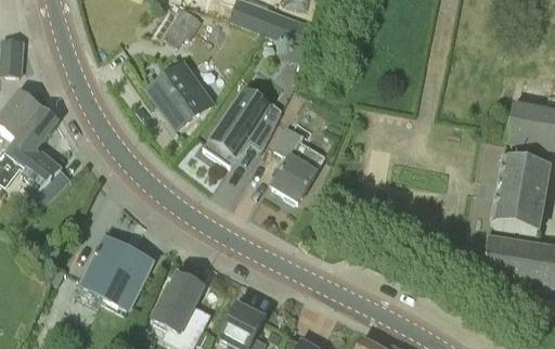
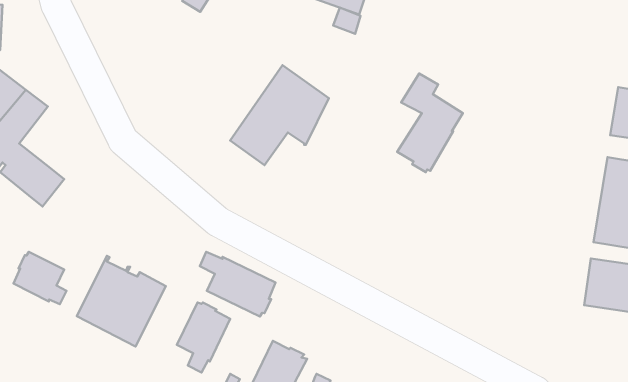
building: [153,66,207,127] -> none
building: [272,122,324,201] -> [397,74,463,172]
building: none -> [13,252,66,304]
building: none -> [200,252,276,316]

